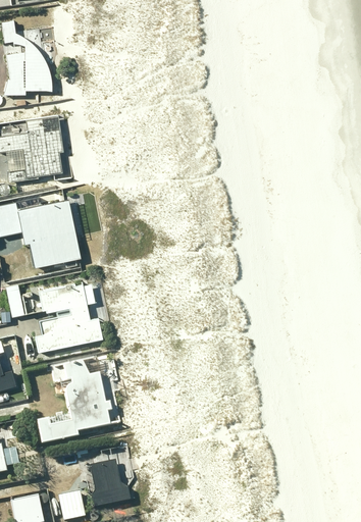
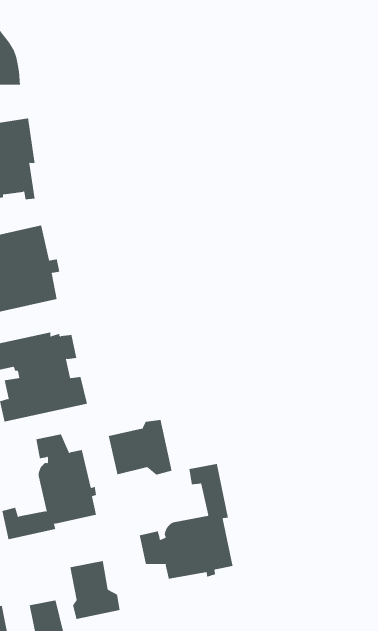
building: none -> [108,419,172,475]
building: none -> [139,463,233,580]

